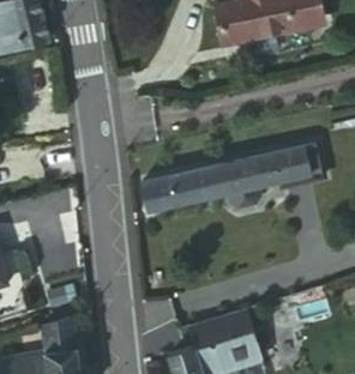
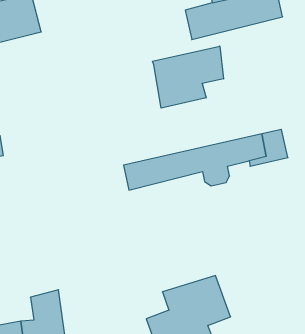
building: none -> [153,46,224,108]

